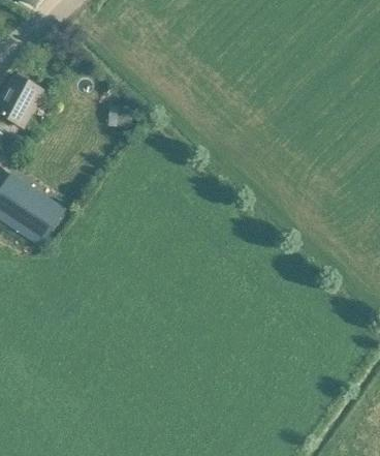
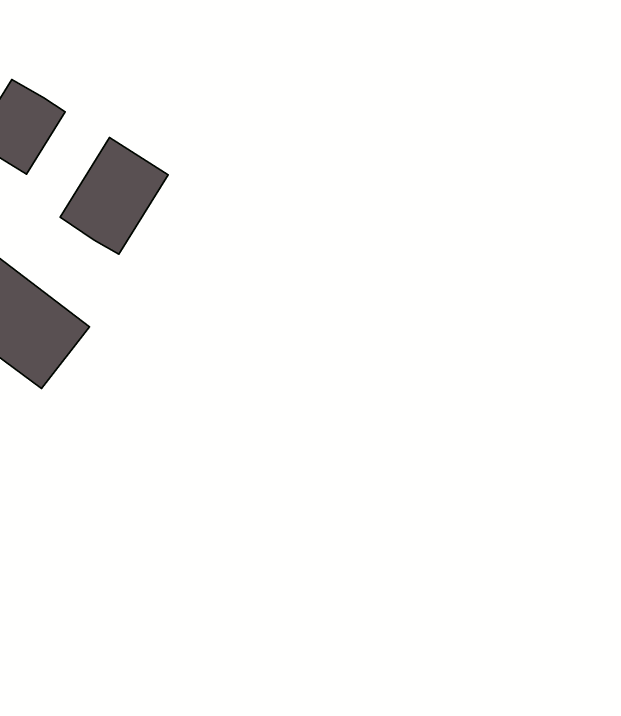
building: none -> [60,138,168,254]

